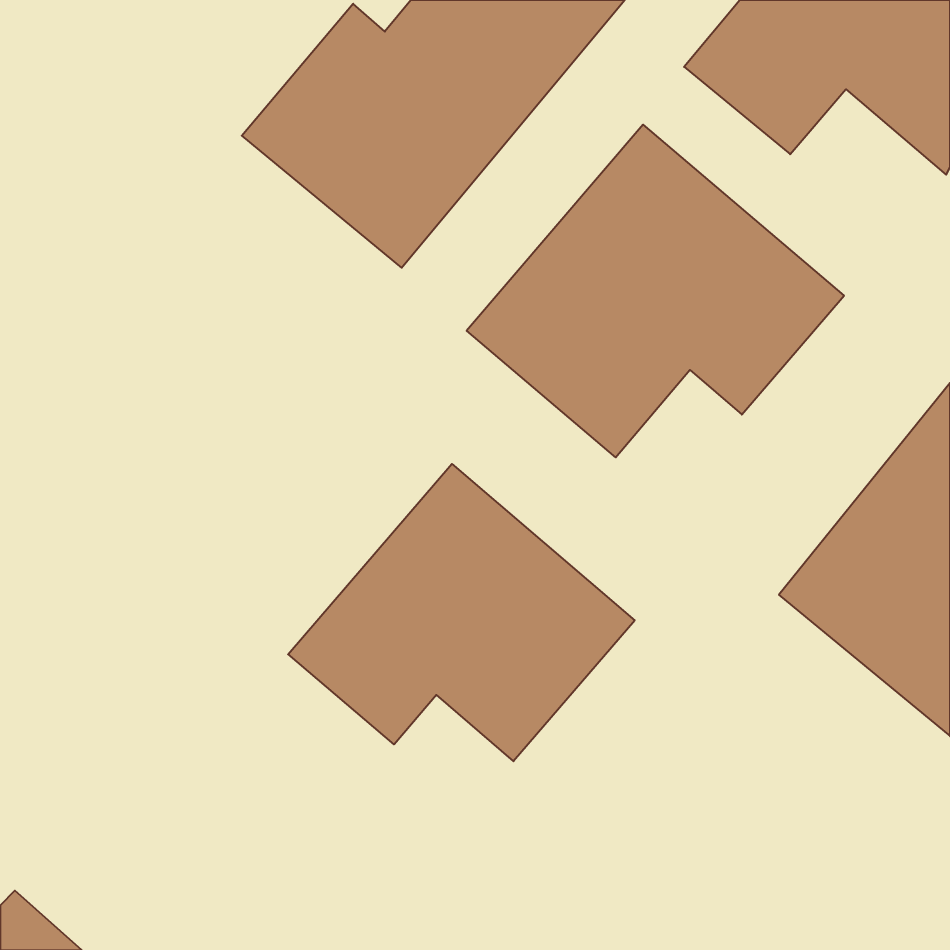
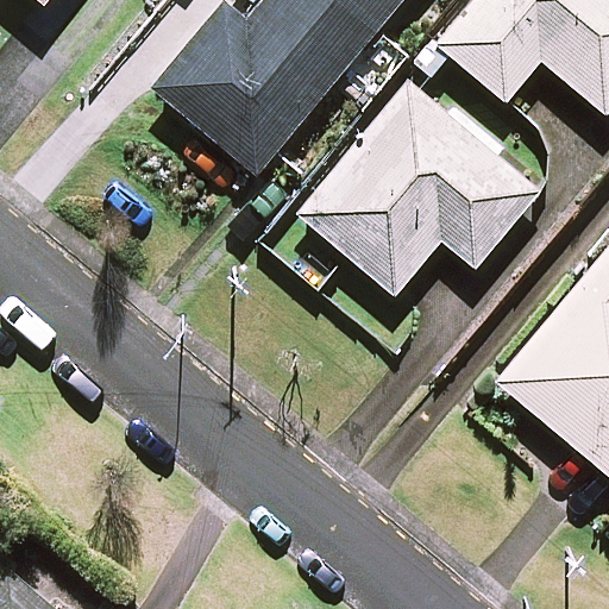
building: [288,464,635,761] -> none

